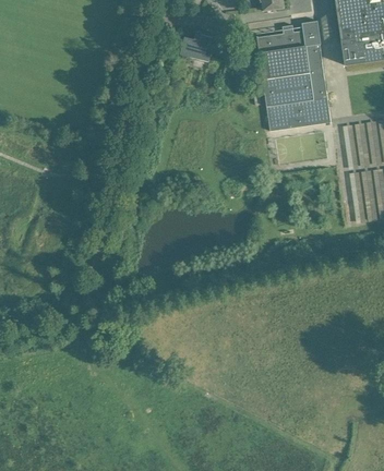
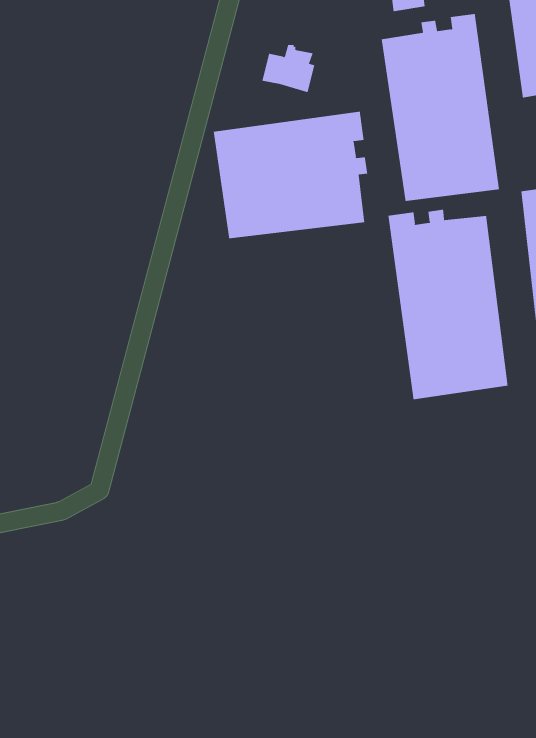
building: none -> [213,111,368,239]
building: none -> [388,209,508,400]

